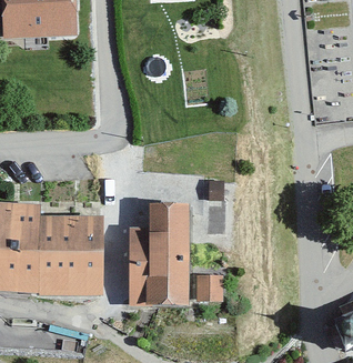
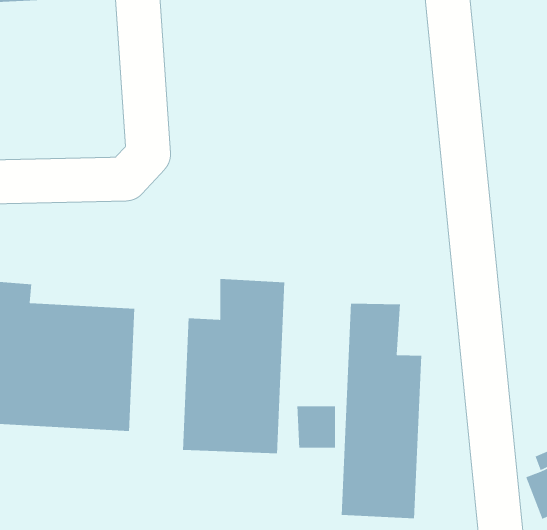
building: none -> [341,303,422,519]

